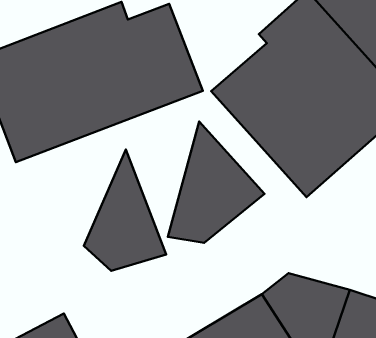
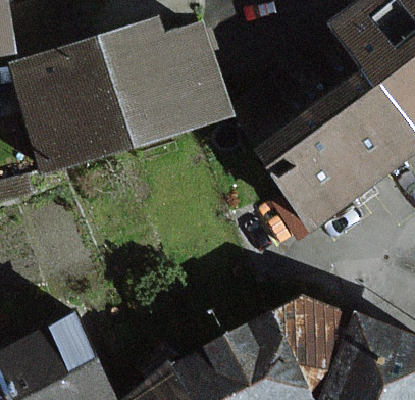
building: [168,121,265,243] -> none
building: [84,149,166,271] -> none

